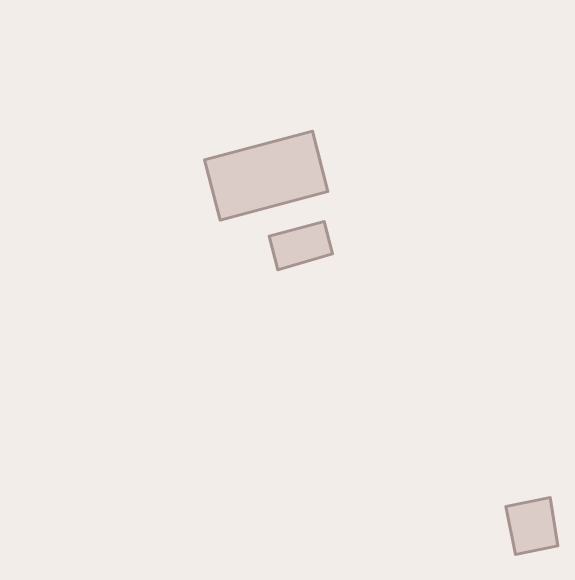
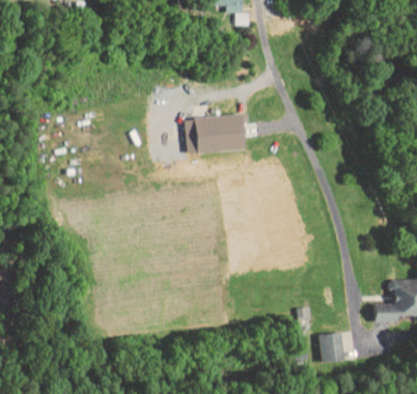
building: [269,221,333,270] -> none

